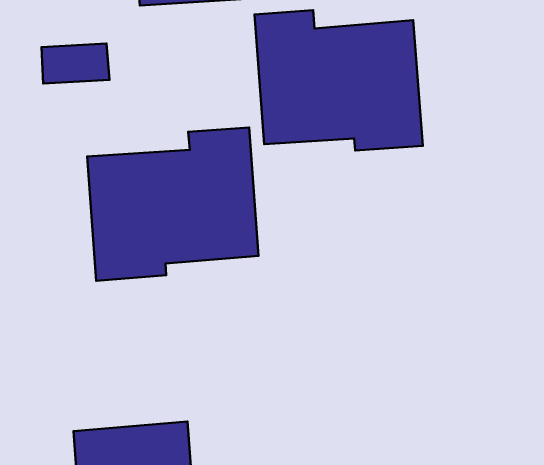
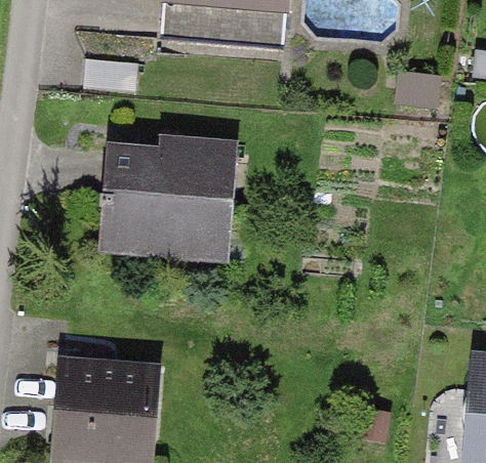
building: [255,10,423,150] -> none

